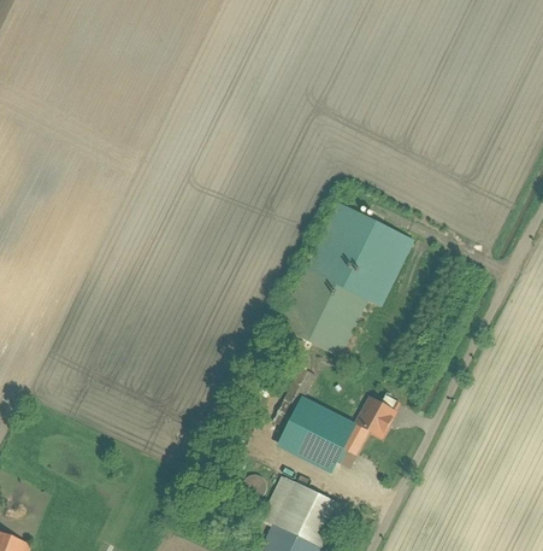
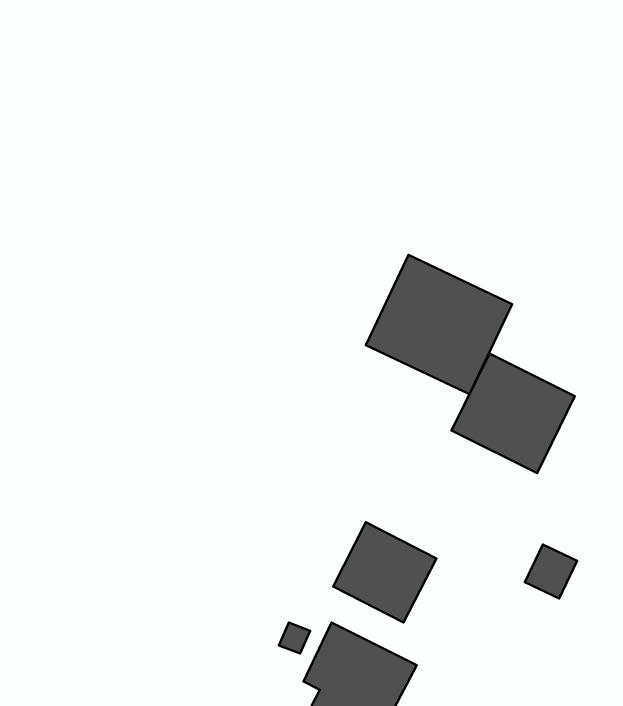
building: [277,269,367,357] -> [452,353,575,473]
building: [356,398,395,438] -> [525,544,577,599]

